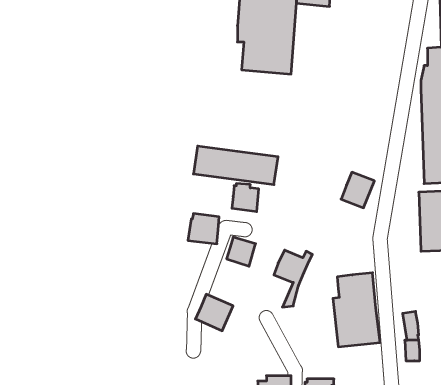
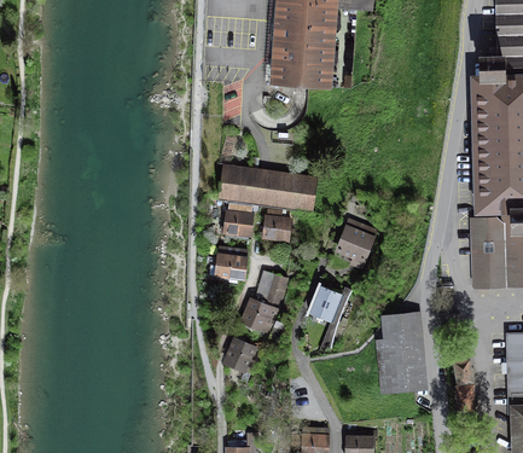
building: [341,172,374,208] -> [338,220,376,260]
building: none -> [223,204,254,234]
building: none -> [239,297,280,335]

